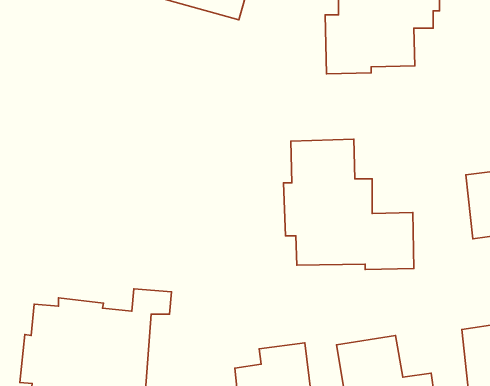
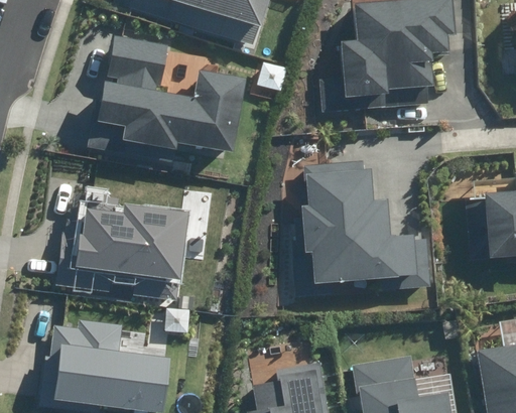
building: none -> [95,36,247,157]
building: none -> [72,187,213,300]

